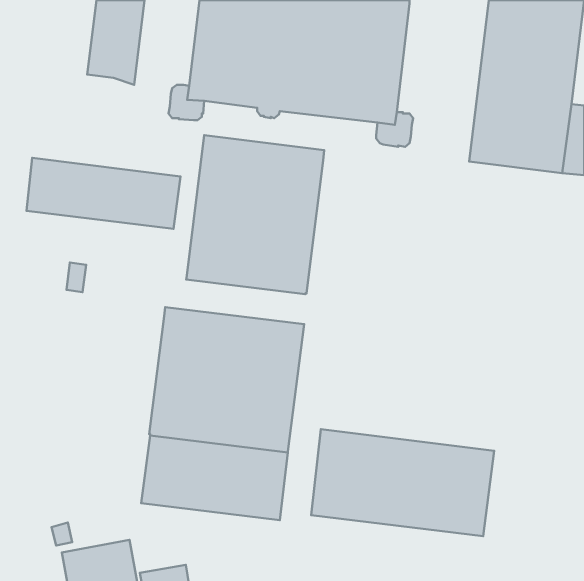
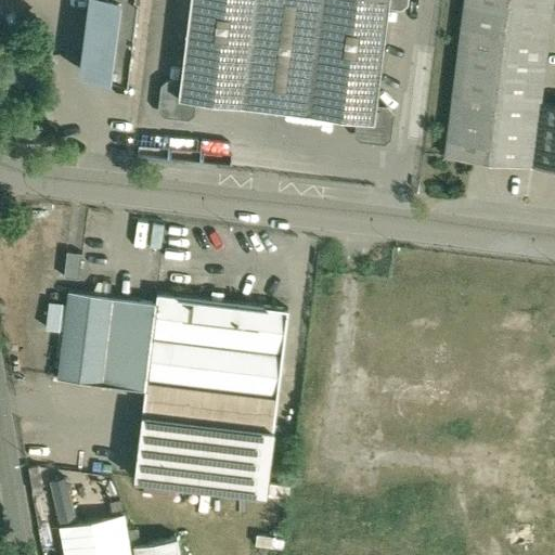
building: [186,135,324,294] -> none
building: [26,158,180,229] -> none
building: none -> [56,293,155,390]
building: [311,429,494,536] -> none

